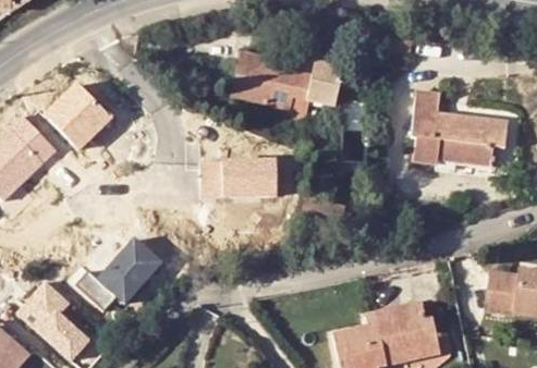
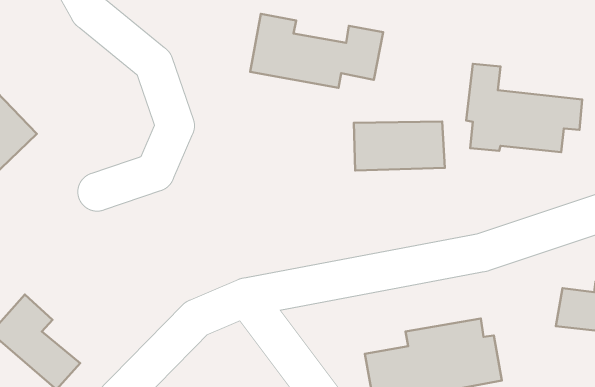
building: [44,79,113,149] -> none
building: [202,157,277,197] -> [354,122,445,170]
building: [77,240,161,309] -> none

